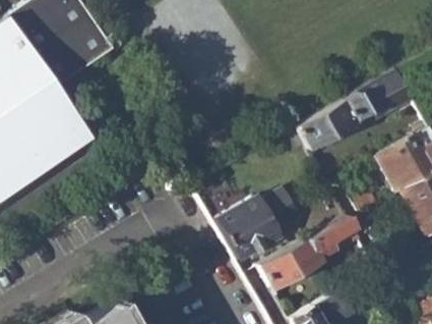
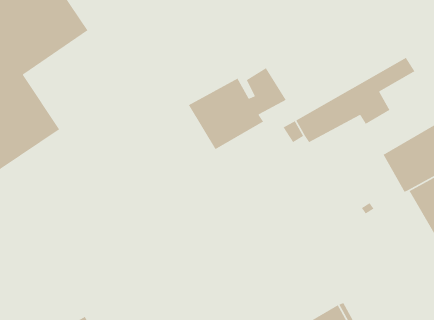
building: [211,188,300,263] -> [188,67,287,150]
building: [259,217,361,288] -> none

